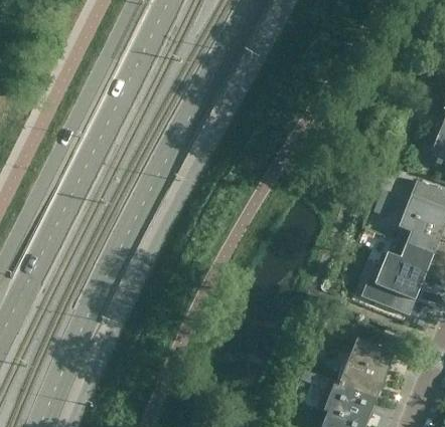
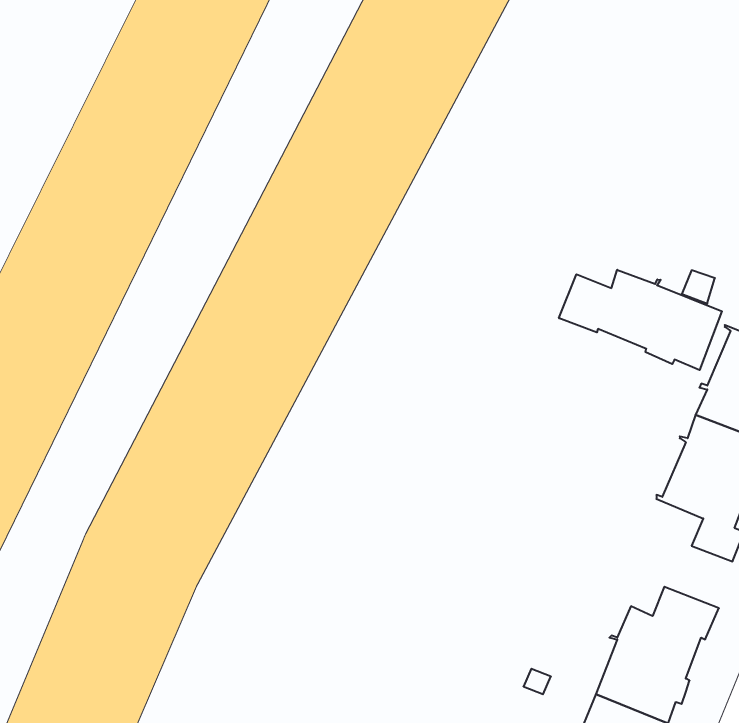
building: none -> [559,270,722,370]

